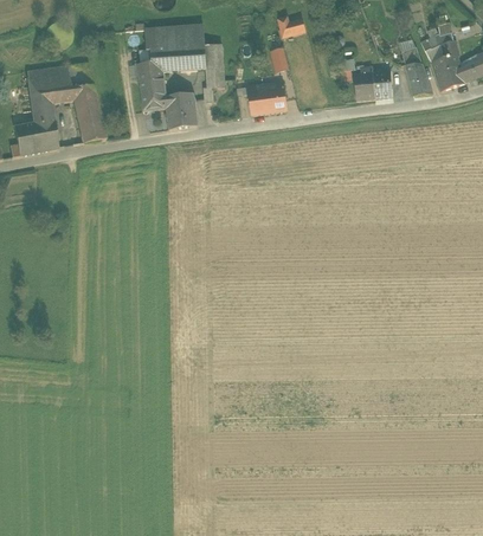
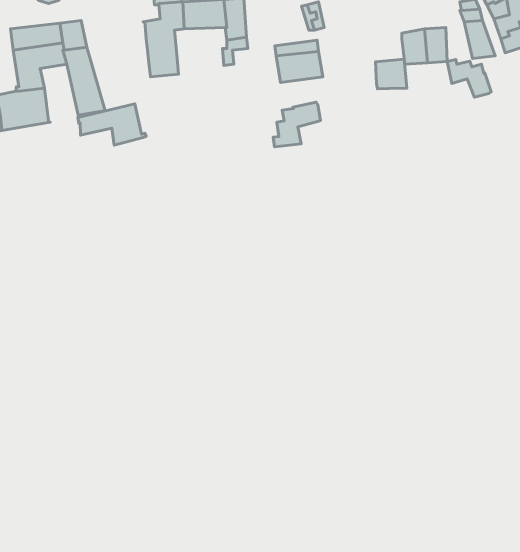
building: [165,92,197,129] -> none
building: none -> [376,59,407,89]
building: none -> [447,59,491,97]
building: none -> [273,102,320,147]
building: none -> [78,104,146,145]

